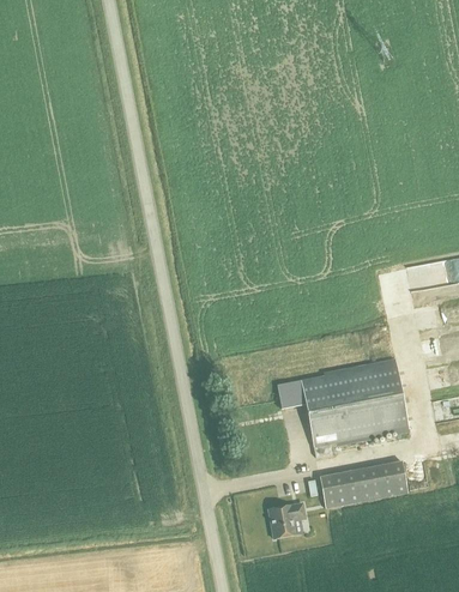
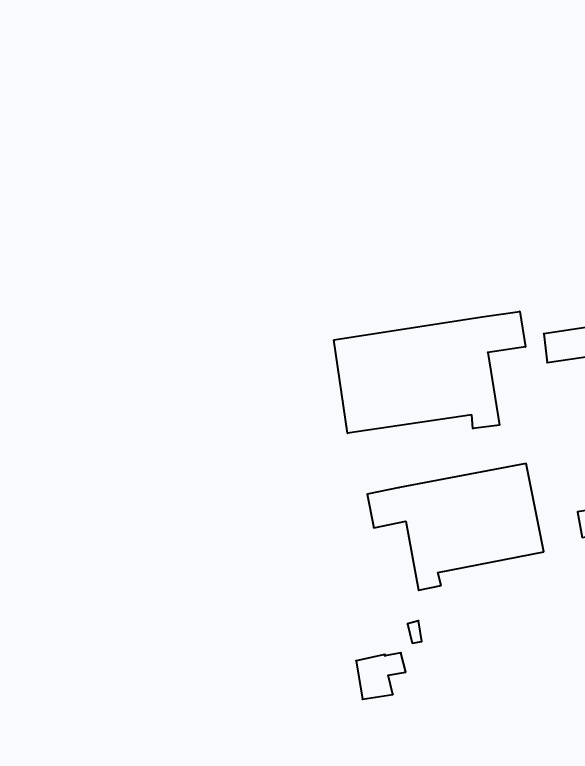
building: none -> [334,311,525,433]
building: [320,460,407,507] -> none

